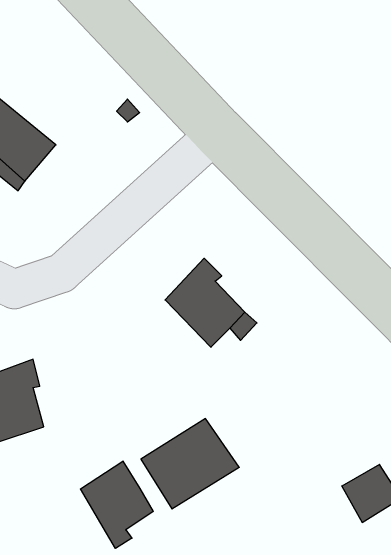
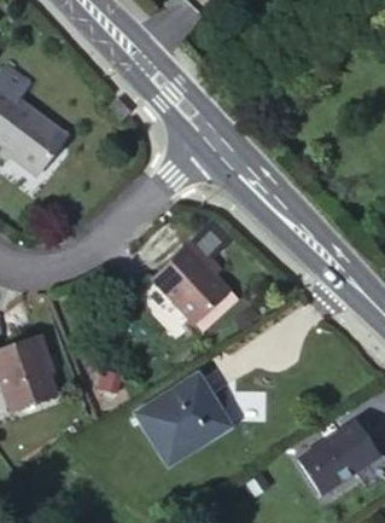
building: [80,461,153,548] -> none
building: none -> [293,443,338,490]

